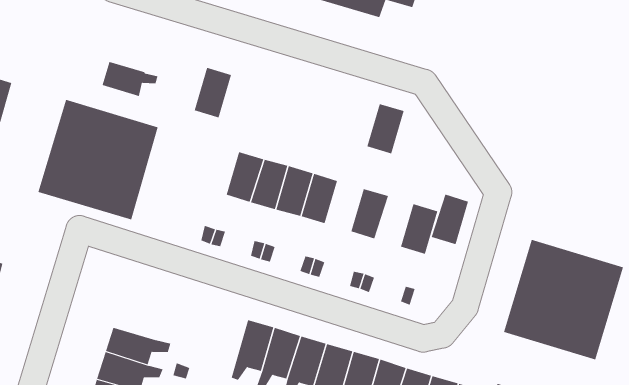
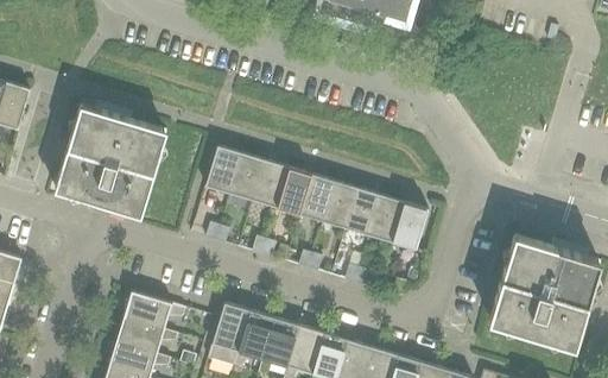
building: [102,61,158,97] -> none
building: [194,67,232,118] -> [205,146,241,194]
building: [366,103,405,154] -> [322,181,357,228]
building: [431,194,469,245] -> [368,195,404,242]
building: none -> [124,291,185,329]
building: none -> [208,303,249,360]

